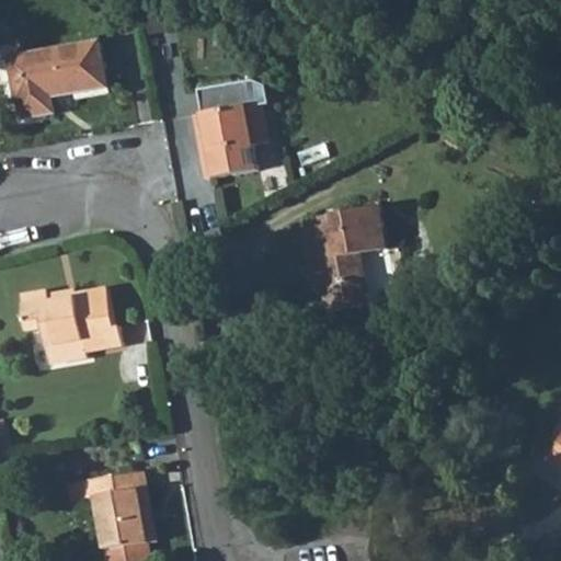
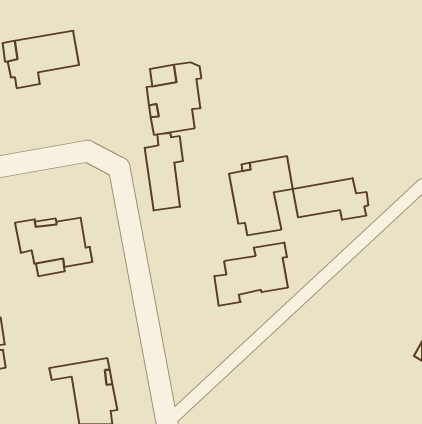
building: none -> [145,133,183,211]
building: none -> [293,178,368,220]
building: none -> [214,242,288,306]

